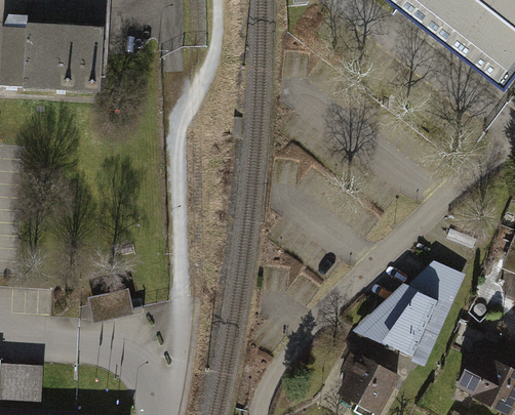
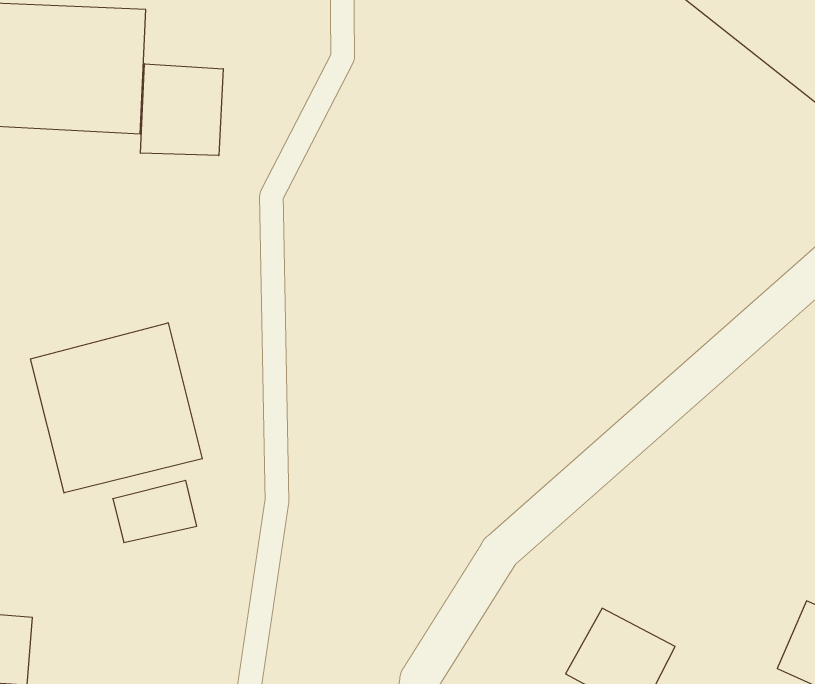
building: none -> [141,64,223,156]
building: none -> [30,323,202,493]
building: [354,264,465,366] -> none

